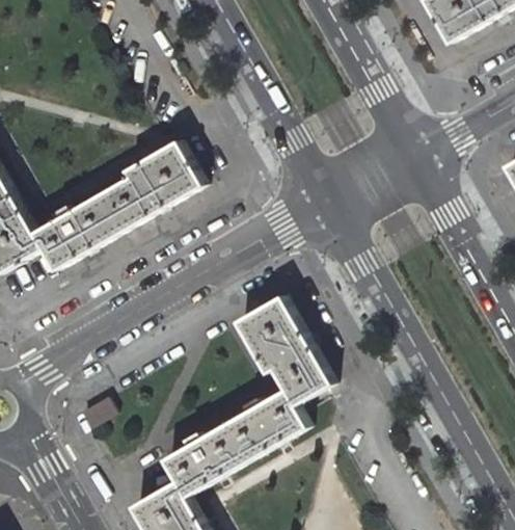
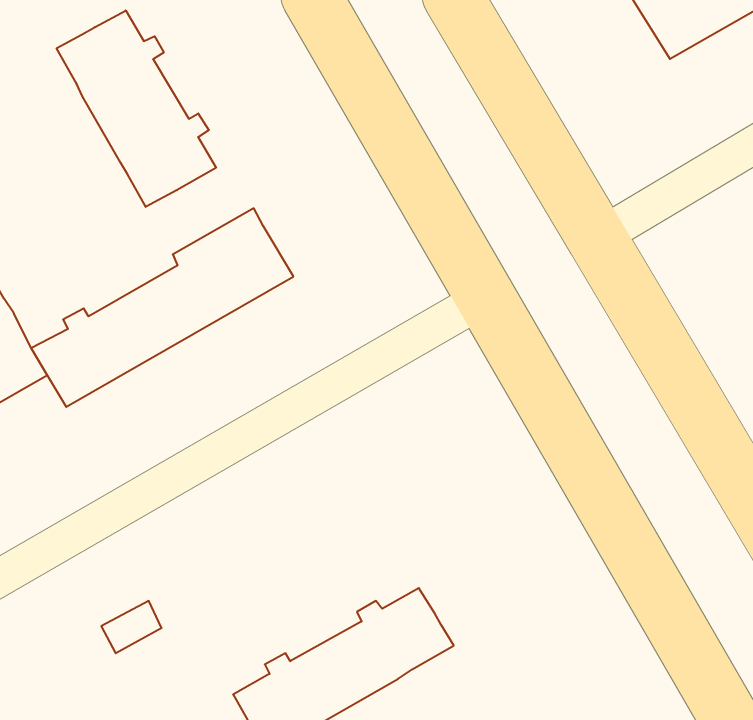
building: none -> [57,10,216,207]
building: [236,295,332,405] -> none

